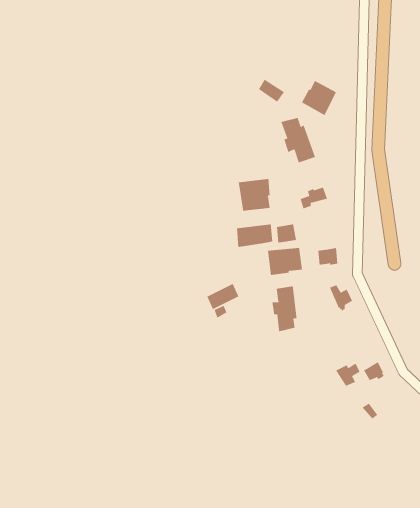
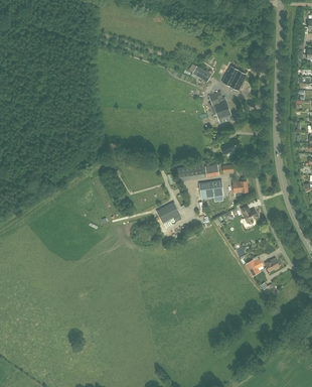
building: [238,178,270,212] -> none
building: [272,286,297,332] -> none

